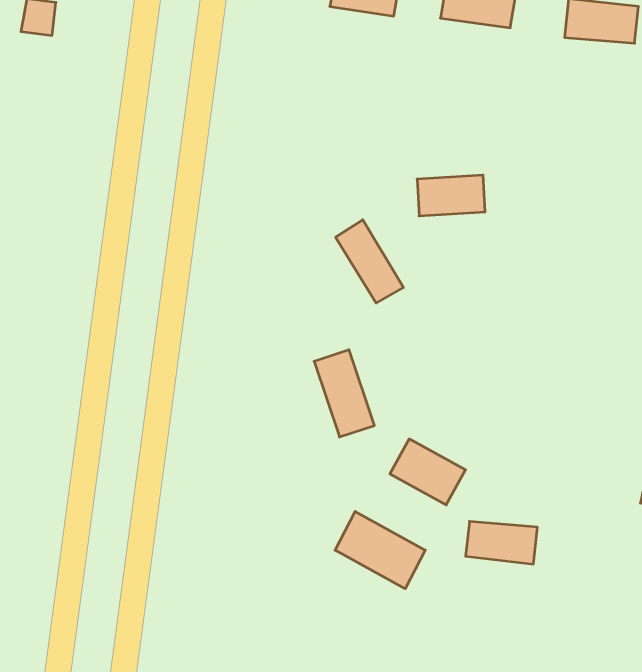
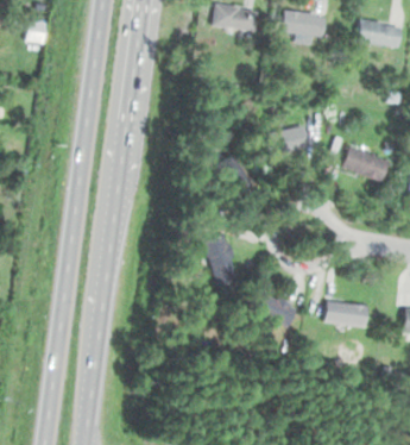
building: none -> [342,146,390,182]
building: [335,511,425,589] -> none
building: [466,521,537,564] -> [324,302,368,328]

